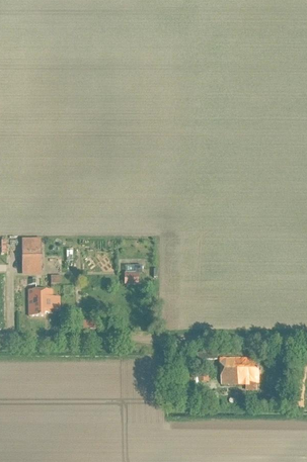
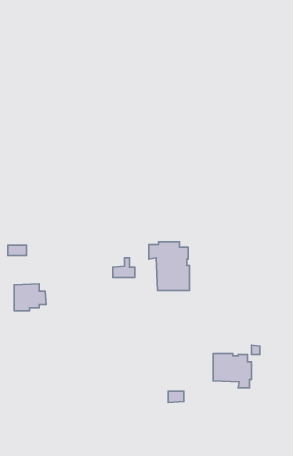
building: none -> [149,242,189,291]

